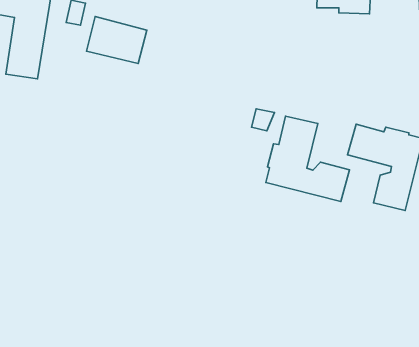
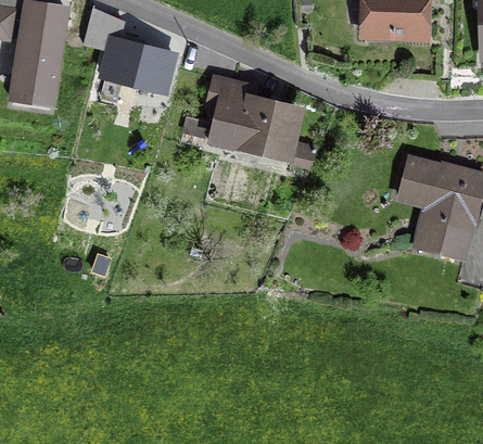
building: none -> [206,77,296,154]
building: [266,116,349,202] -> none

